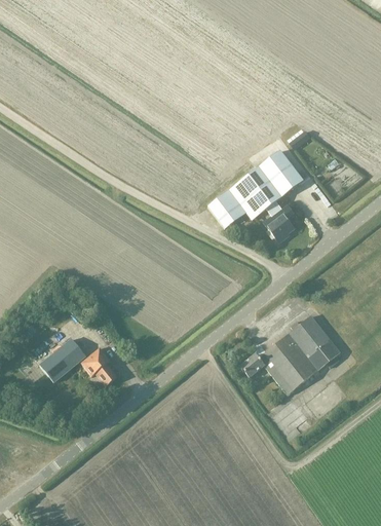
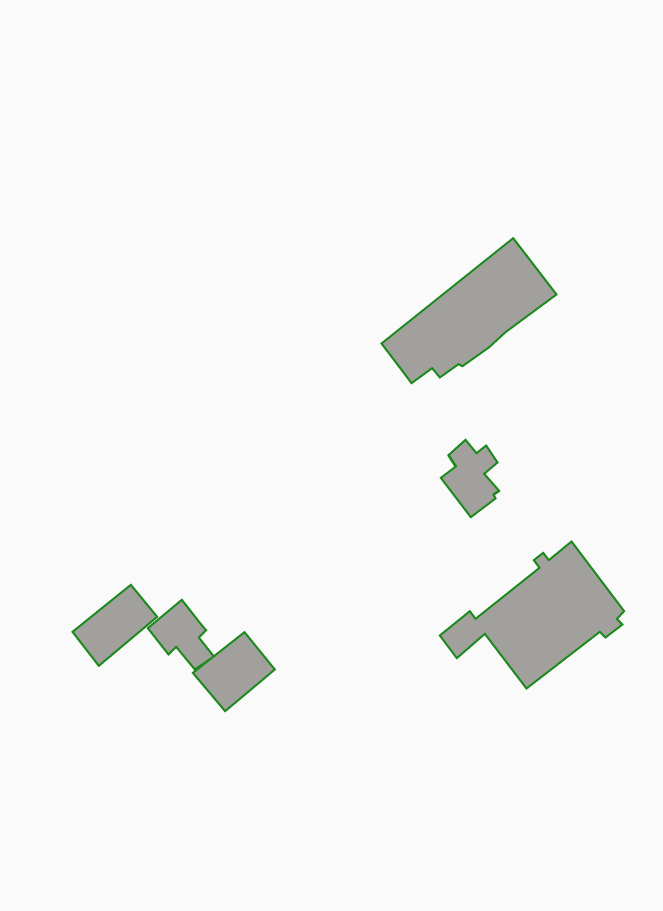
building: [263,200,295,242] -> [441,440,499,517]
building: none -> [193,632,275,711]

